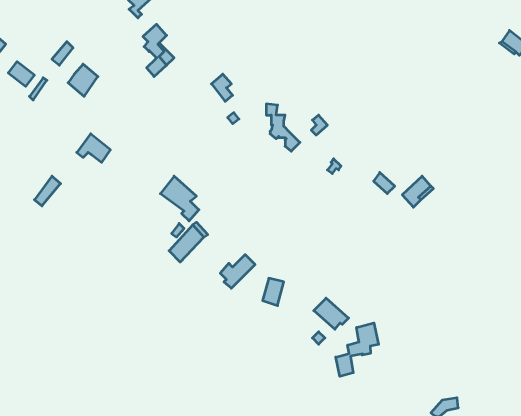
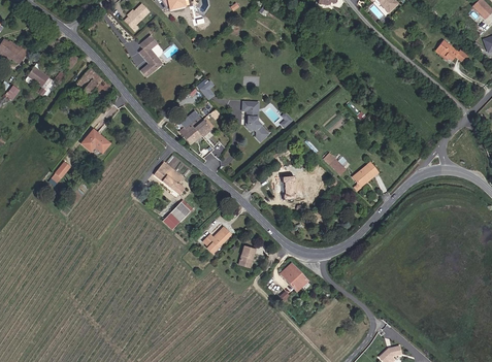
building: none -> [181,110,215,144]
building: none -> [282,175,305,200]
building: [336,323,379,376] -> none

